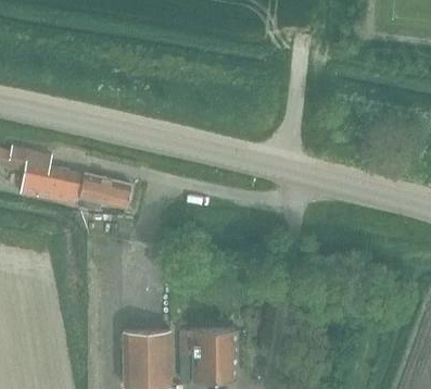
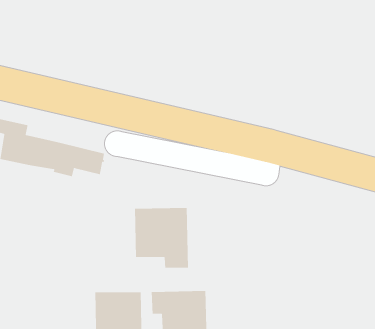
building: none -> [134,207,189,268]

